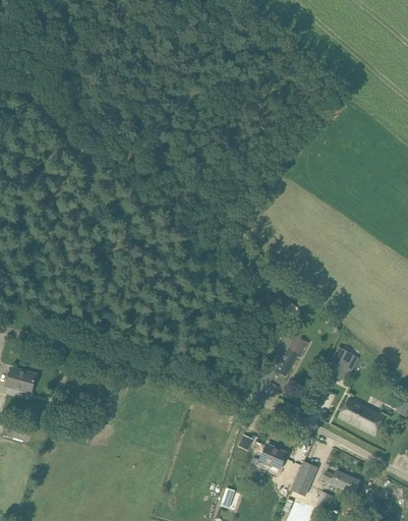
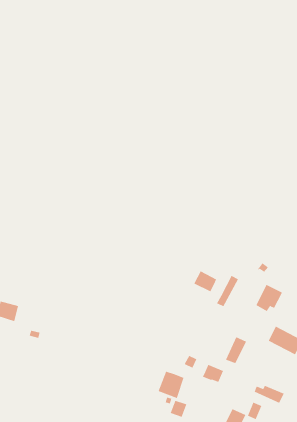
building: none -> [193,271,217,292]
building: none -> [158,371,184,399]
building: [291,462,317,496] -> [225,337,247,364]

